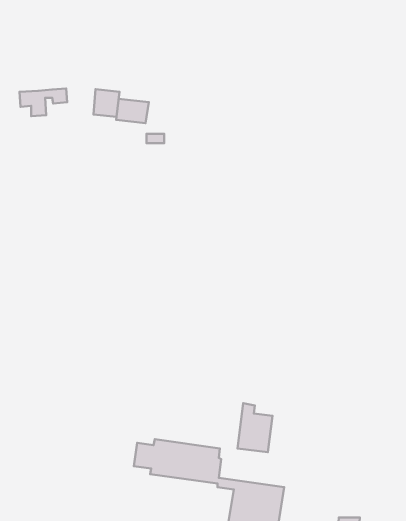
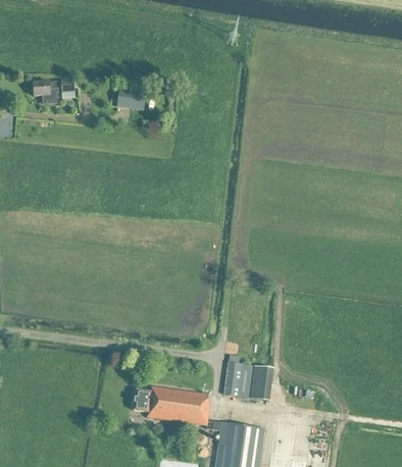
building: [94,89,119,117] -> none
building: none -> [251,366,273,401]

